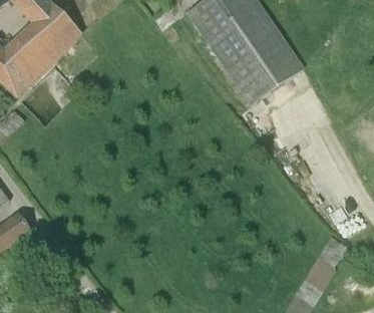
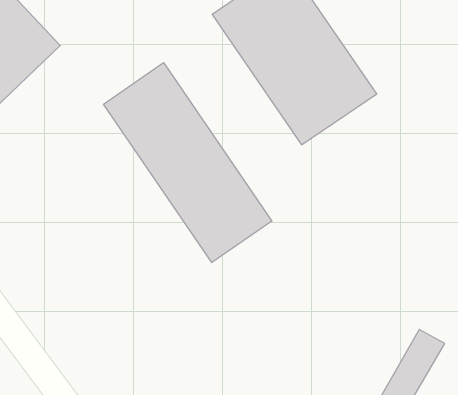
building: none -> [103,63,272,263]

